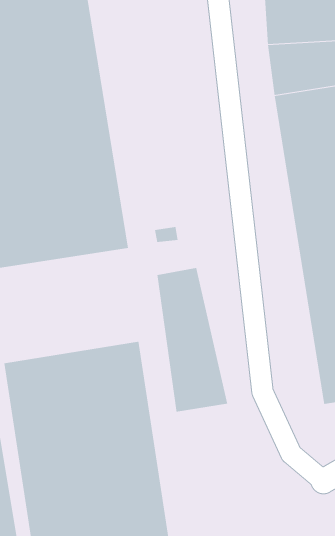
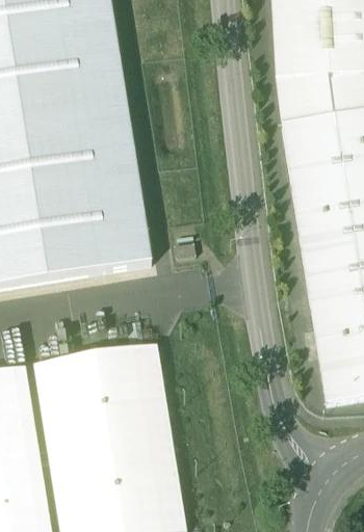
building: [157,267,228,412] -> none

